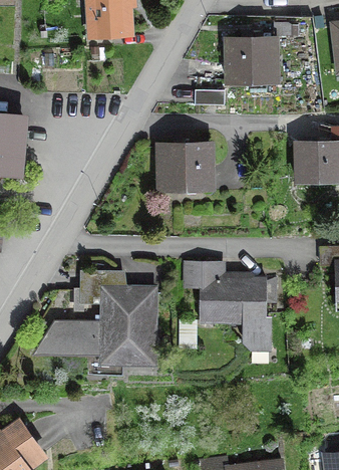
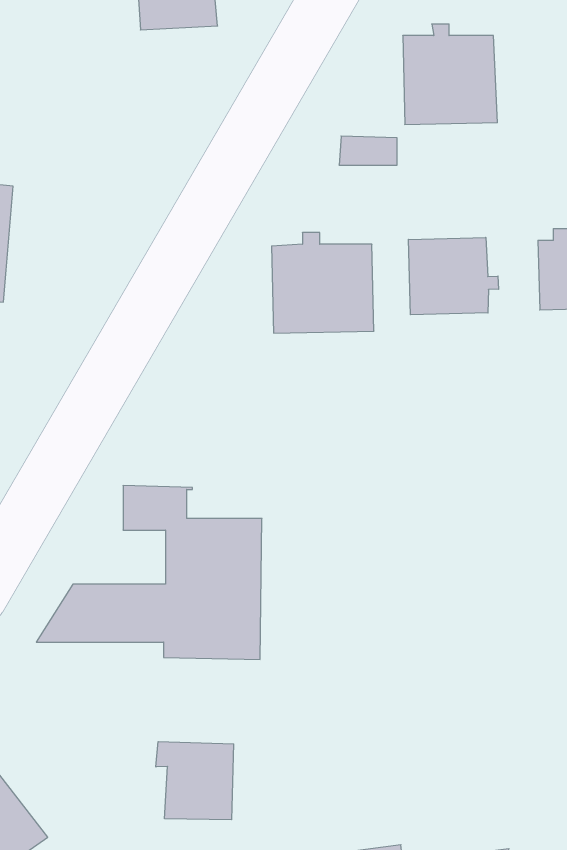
building: none -> [408,237,499,315]
building: [186,262,270,349] -> none
building: none -> [156,742,234,820]

